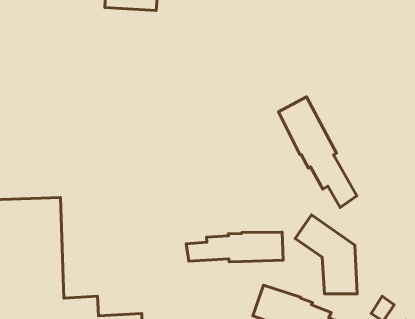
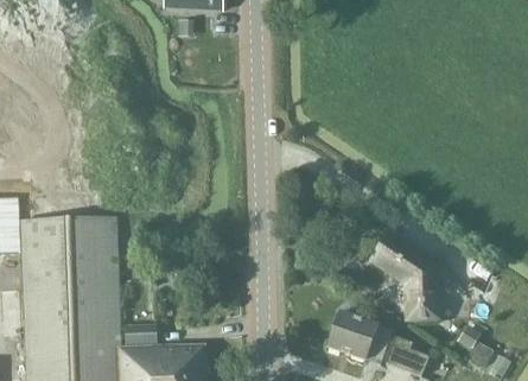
building: [279,97,357,207] -> none
building: [186,232,283,262] -> none

